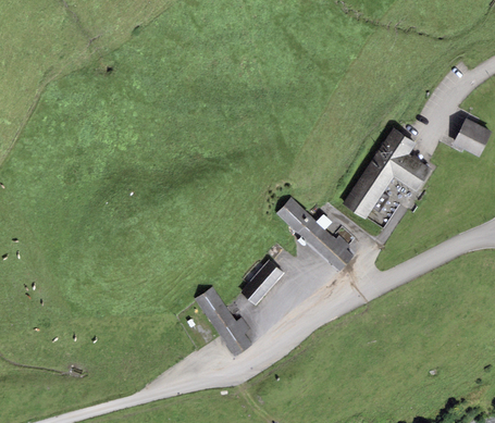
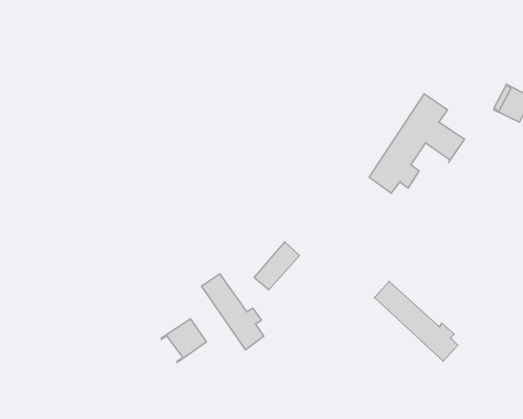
building: [277,199,351,270] -> [375,282,458,361]
building: none -> [161,319,206,363]

